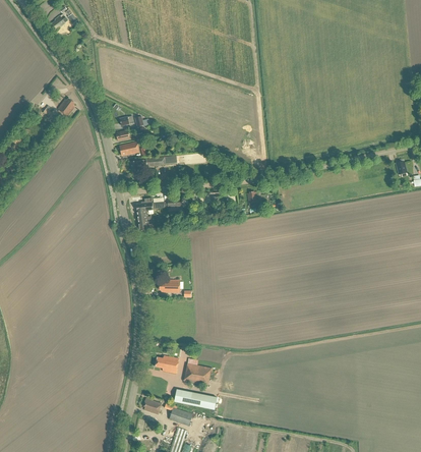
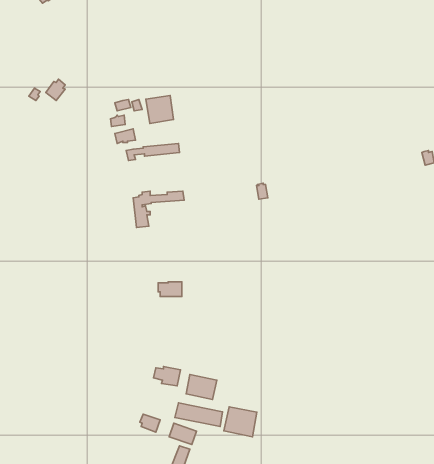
building: none -> [146,95,173,123]
building: none -> [224,407,257,437]

